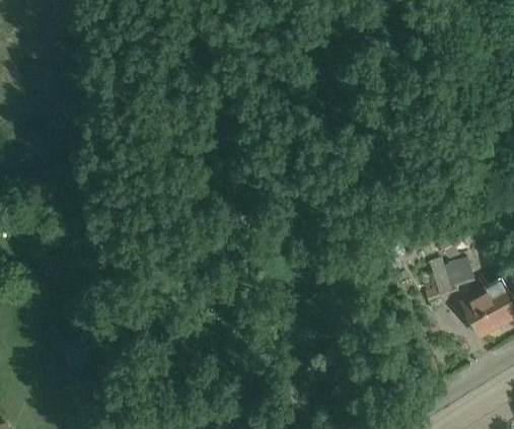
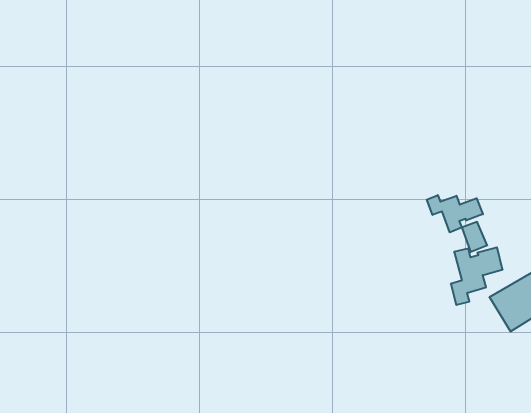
building: none -> [427,195,483,232]

